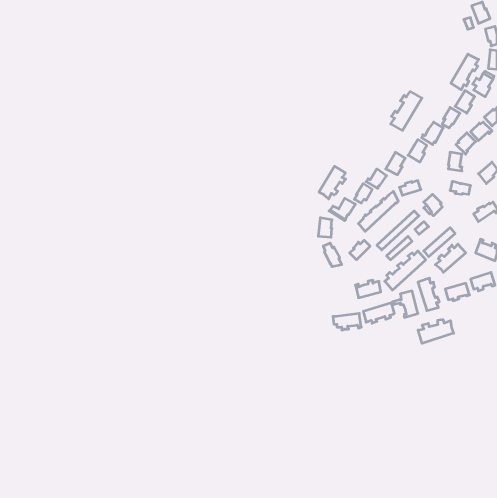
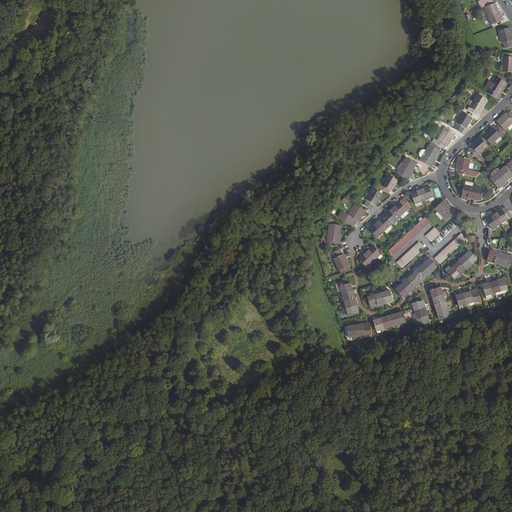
building: [451,54,479,90] -> none
building: [391,92,422,130] -> none
building: [319,166,346,199] -> none
building: none -> [335,281,357,314]
building: [418,320,454,343] -> none

